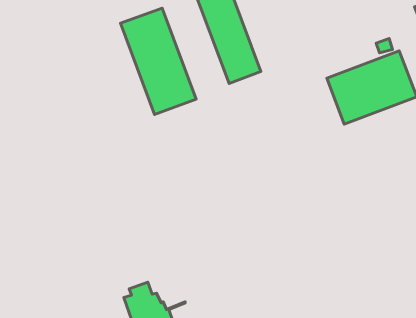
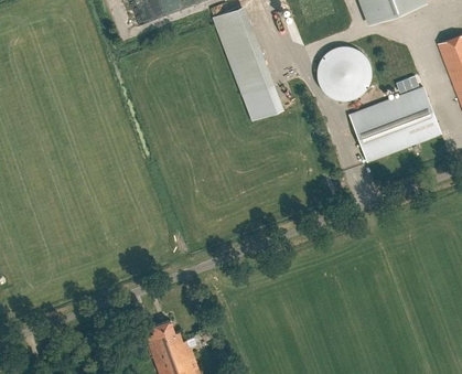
building: [121,8,196,114] -> none
building: none -> [316,46,372,101]

